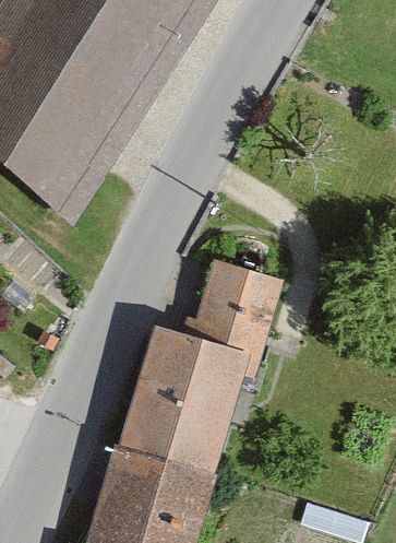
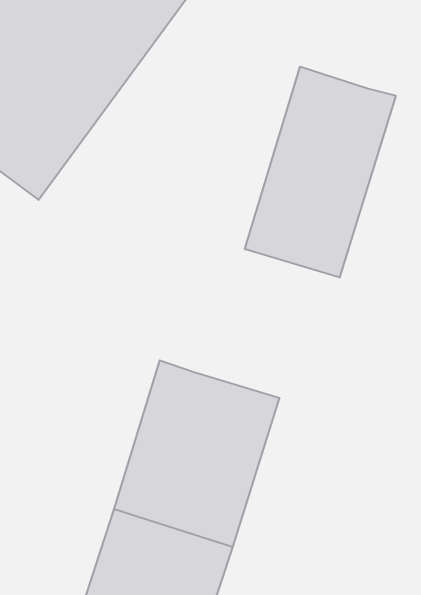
building: none -> [245,67,396,278]
building: [187,258,273,350] -> none

